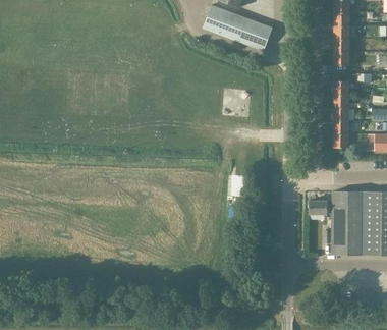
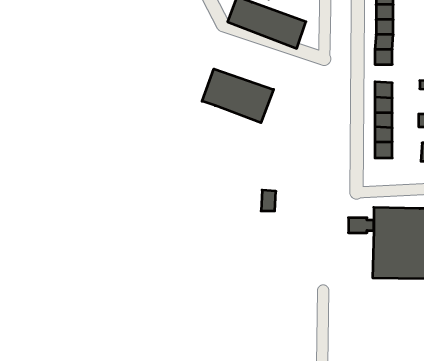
building: none -> [202,69,274,123]

